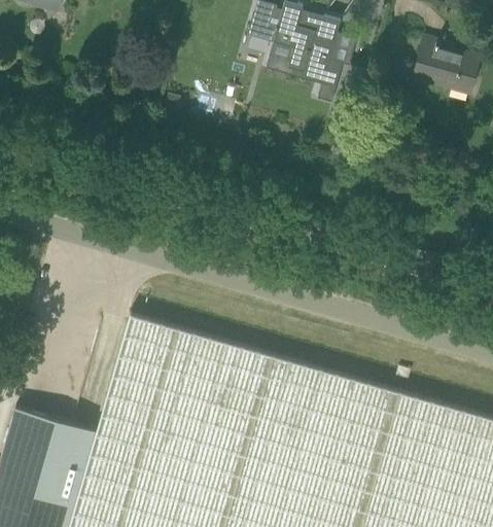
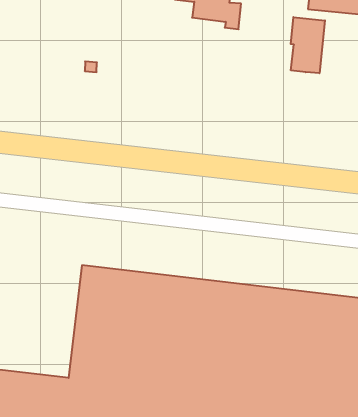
building: none -> [291,17,325,73]

